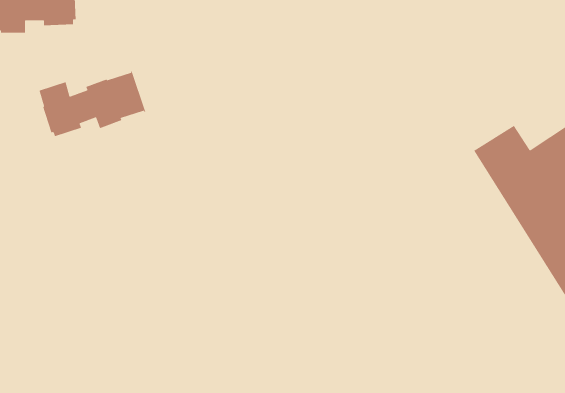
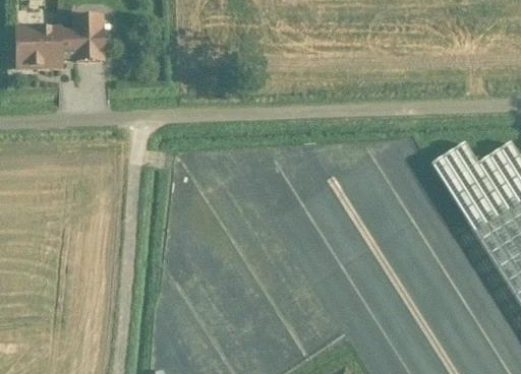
building: [39,70,147,137] -> none

